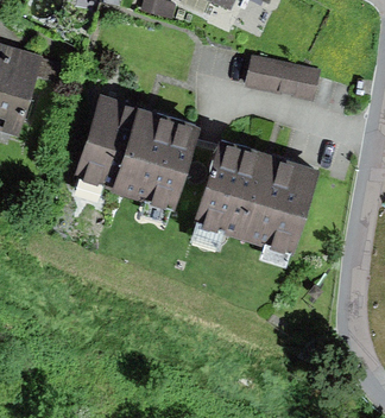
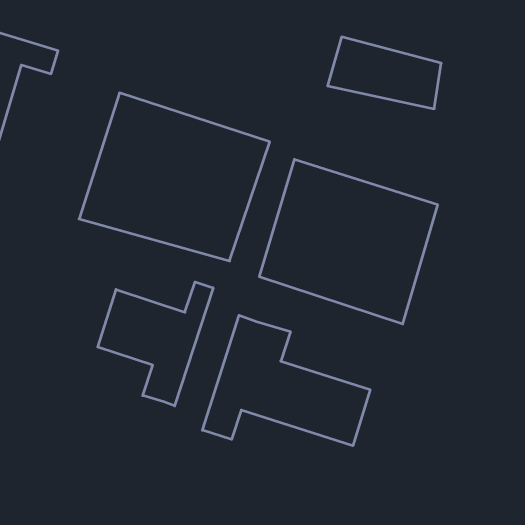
building: none -> [98,282,213,406]
building: none -> [202,315,370,446]

